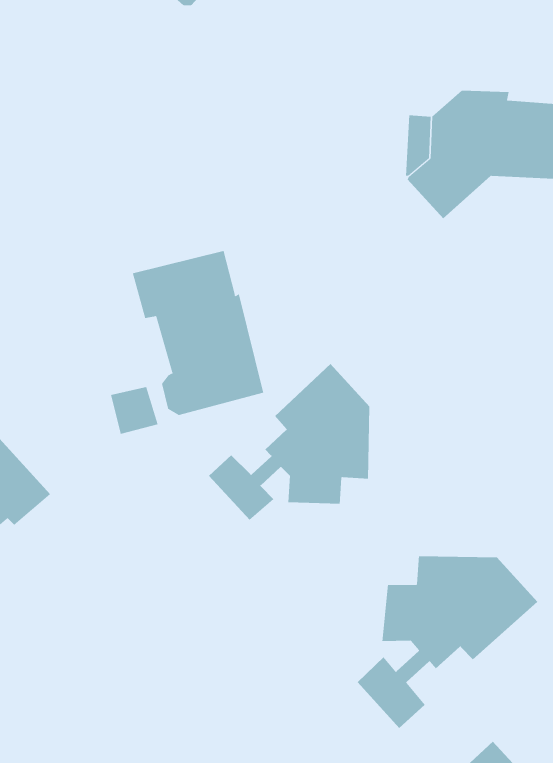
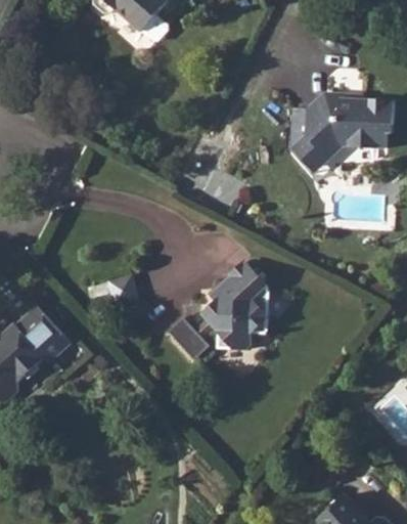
building: [132,250,264,416] -> none
building: [357,555,538,729] -> none

